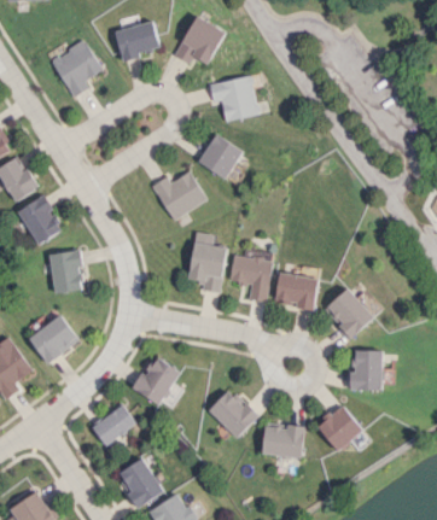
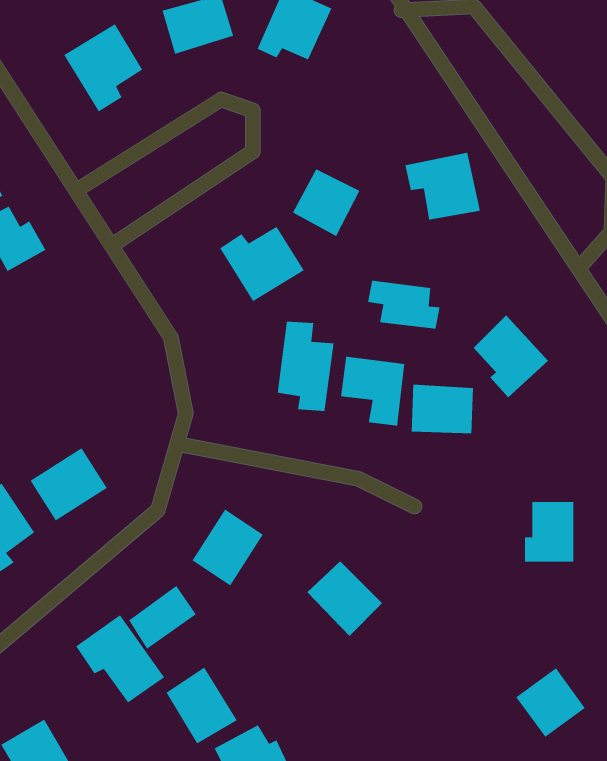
building: [209,76,258,121] -> [404,152,481,221]
building: [16,194,62,245] -> none
building: none -> [367,280,440,329]
building: [47,249,82,293] -> none
building: [325,287,374,341] -> [473,314,549,398]
building: [316,405,362,451] -> [515,667,586,738]
building: none -> [75,614,165,704]
building: [261,425,304,458] -> none

